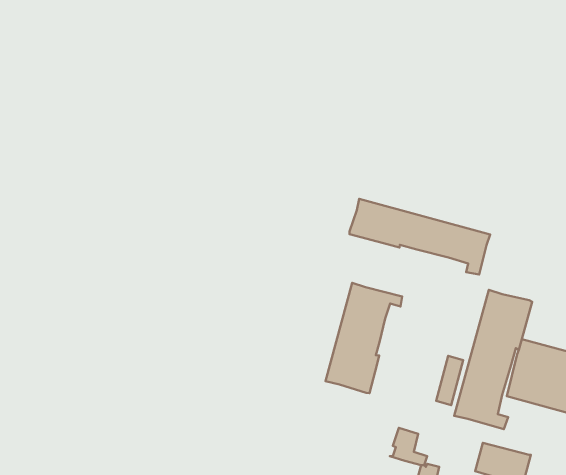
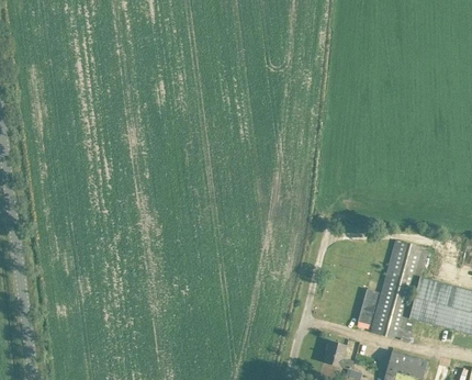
building: [350,199,490,275] -> none
building: [326,283,402,393] -> none

